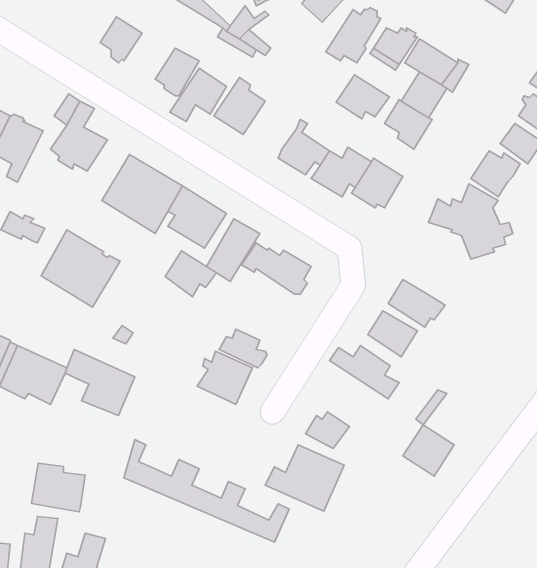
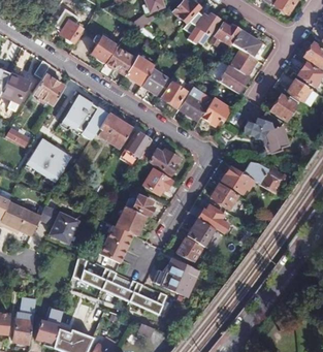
building: [336,75,389,119] -> [141,68,171,93]
building: [165,251,216,297] -> [142,168,171,194]
building: none -> [244,161,290,193]
building: none -> [99,224,133,261]
building: [403,425,454,476] -> [187,217,216,246]
building: [31,463,85,512] -> none

